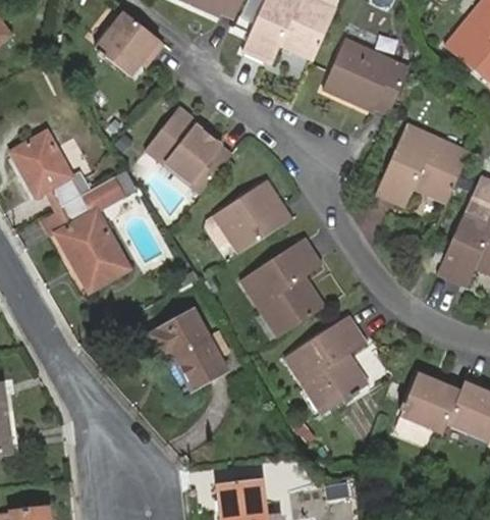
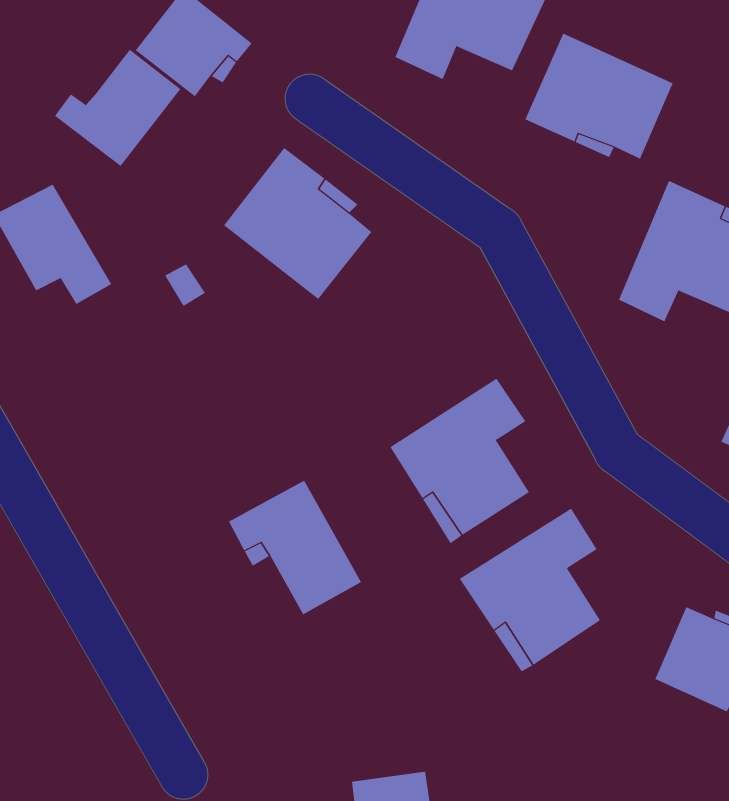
building: none -> [54,49,181,167]
building: [203,179,286,256] -> none
building: [54,185,128,281] -> none

